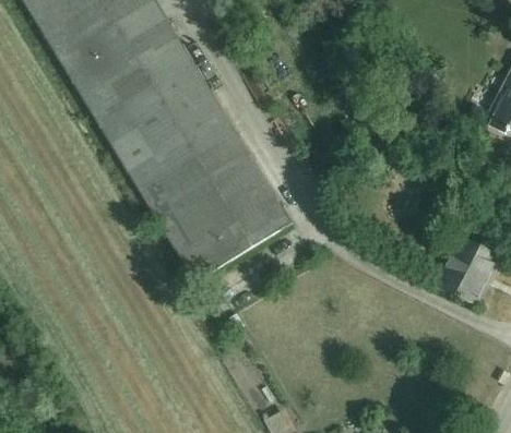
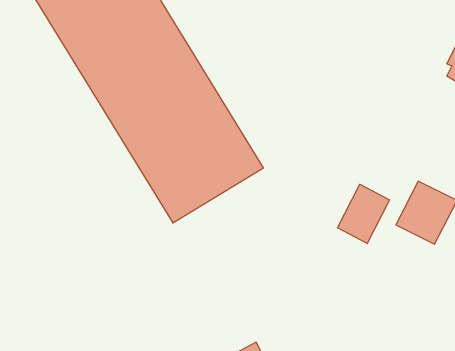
building: none -> [338,184,390,244]

